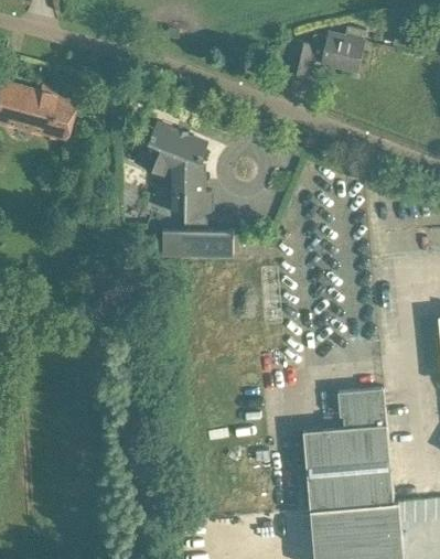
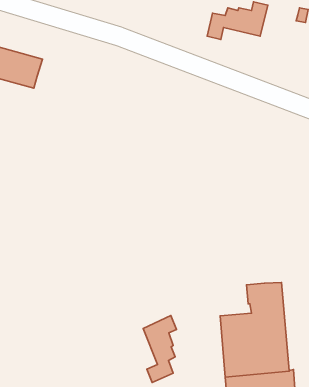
building: [135,122,232,258] -> none
building: none -> [143,315,176,382]

